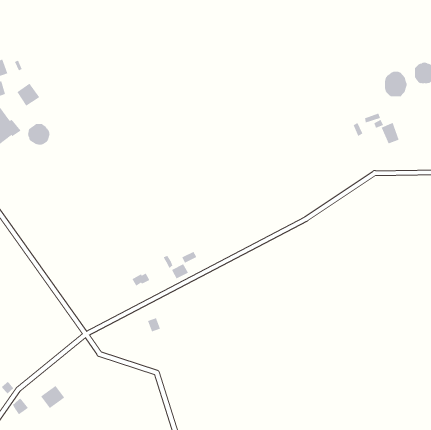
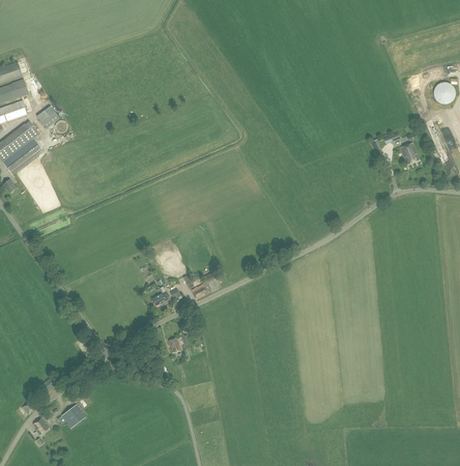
building: [384,71,407,97] -> none
building: [28,123,50,146] -> none

